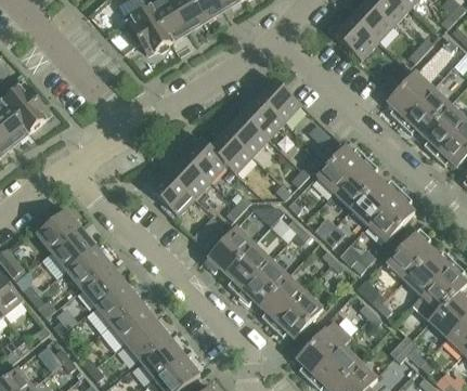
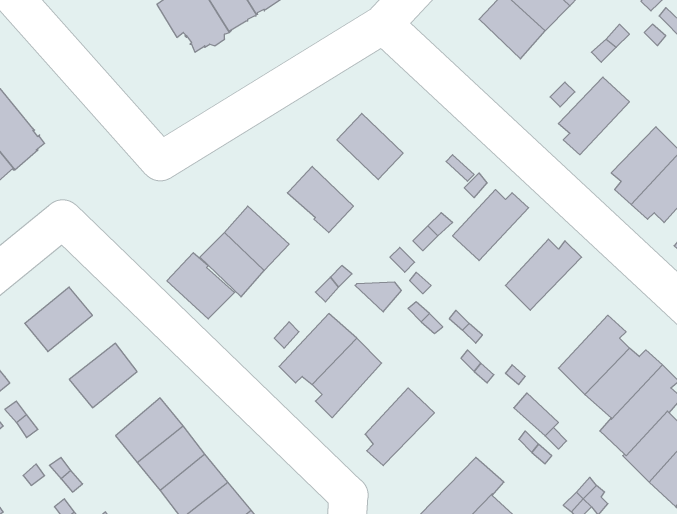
building: [257,78,300,121] -> none
building: [400,88,450,134] -> none
building: [224,113,268,156] -> none
building: [182,138,226,181] -> [167,253,235,319]
building: [334,157,379,208] -> none
building: [367,190,414,242] -> none
building: [51,227,95,270] -> none
building: [237,259,287,305] -> none
building: [80,264,125,307] -> none
building: [271,291,322,338] -> none

